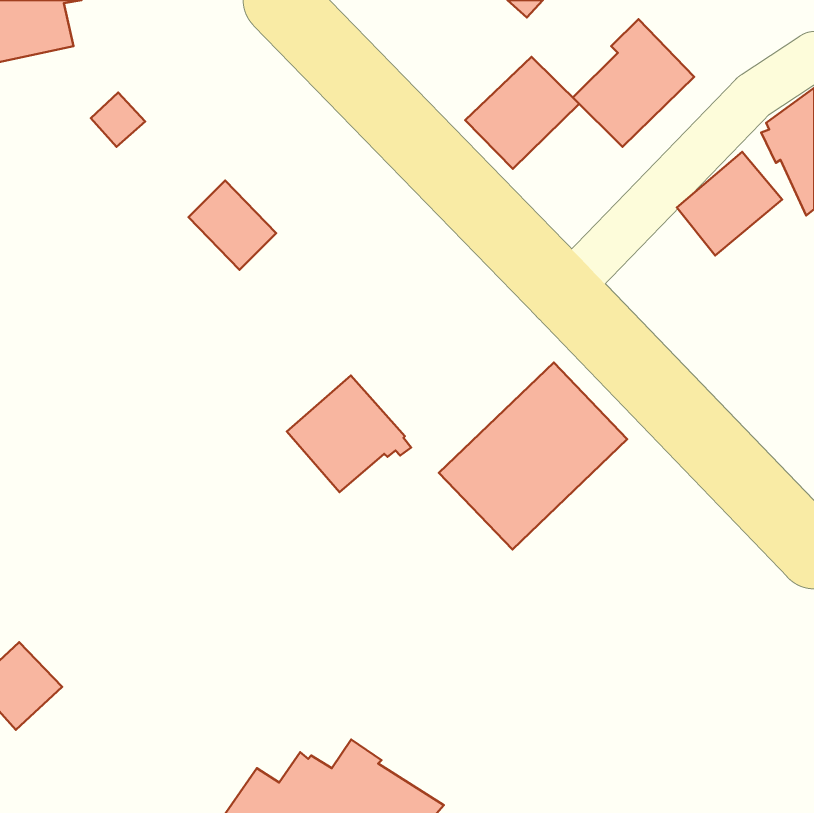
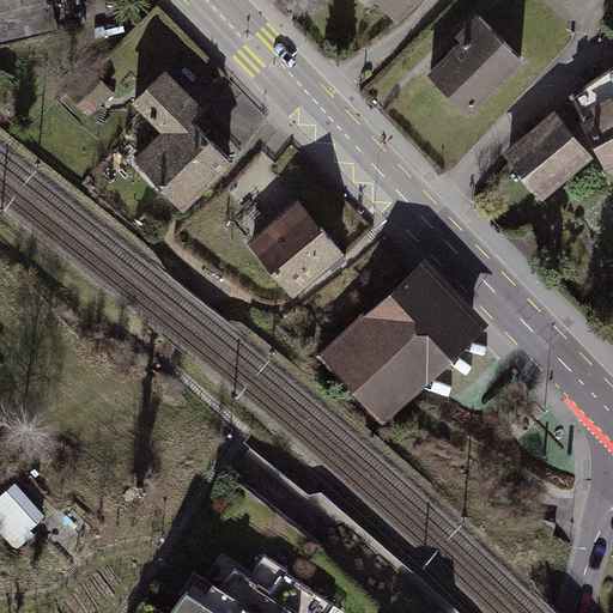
building: [465,57,579,169] -> none
building: none -> [134,77,225,177]
building: [287,376,411,492] -> [251,206,345,293]

